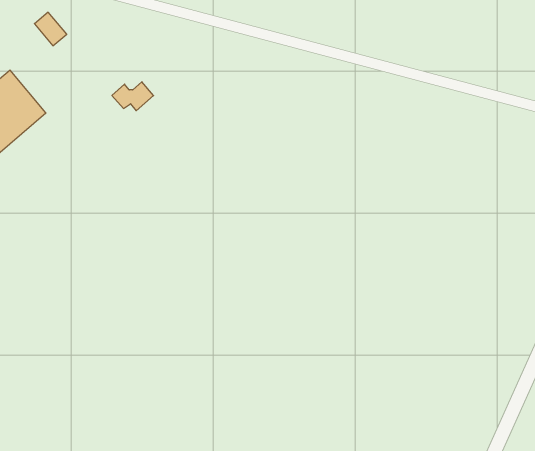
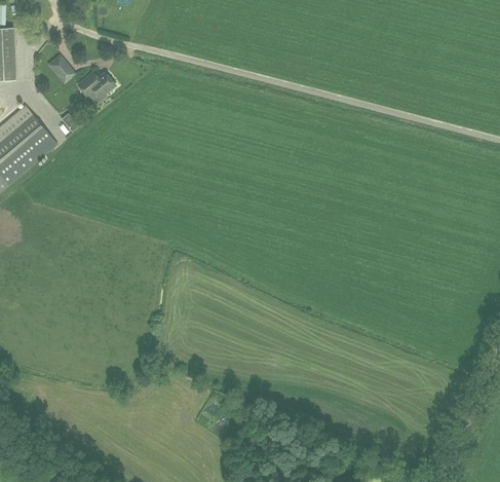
building: [112,82,154,111] -> [78,71,115,97]

